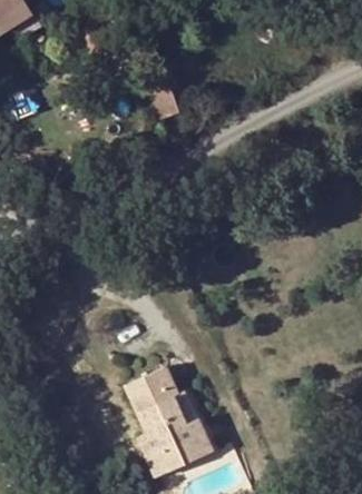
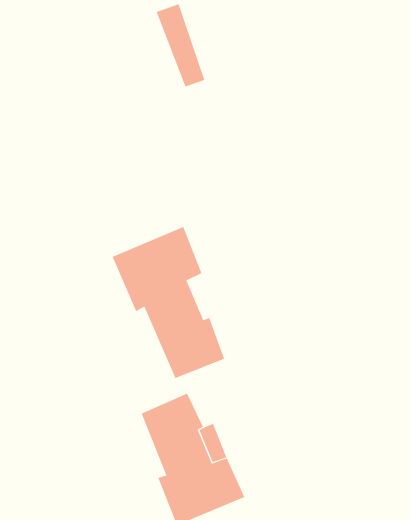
building: none -> [112,226,225,379]

